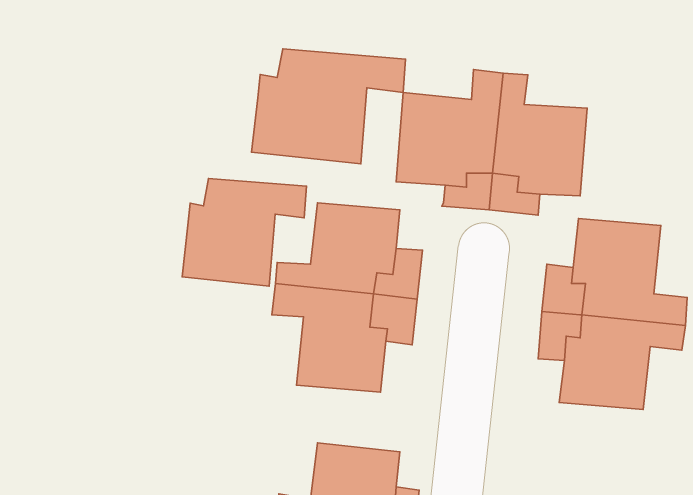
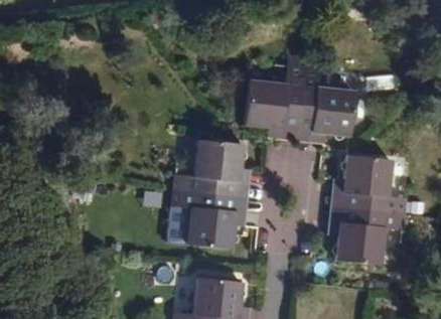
building: [252,49,405,164] -> none
building: [182,179,306,286] -> none

